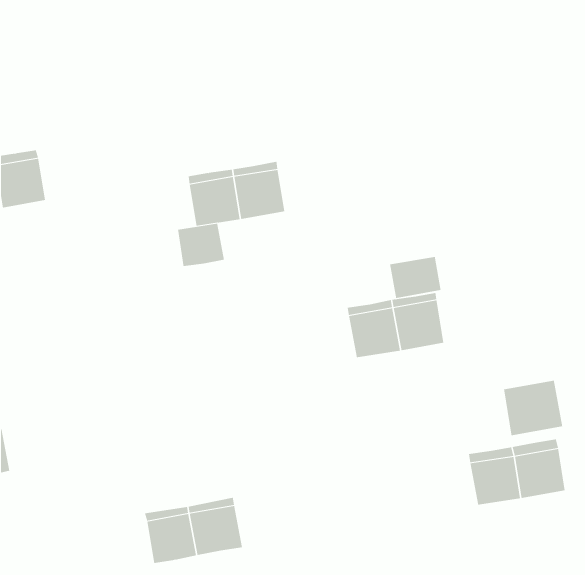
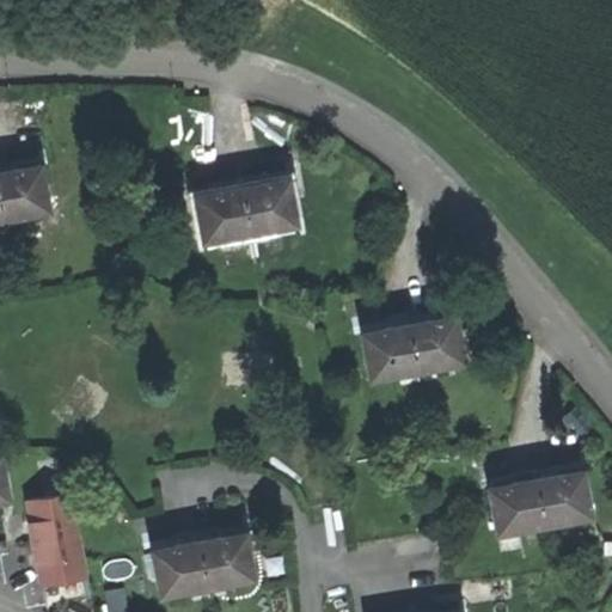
building: [177,223,225,267] -> none
building: [390,256,441,299] -> none
building: [504,380,563,436] -> none
building: none -> [27,500,88,593]

